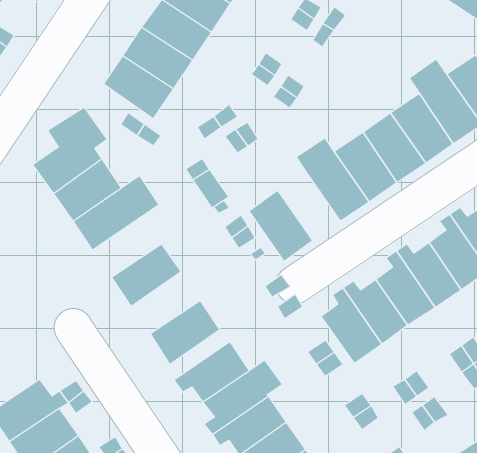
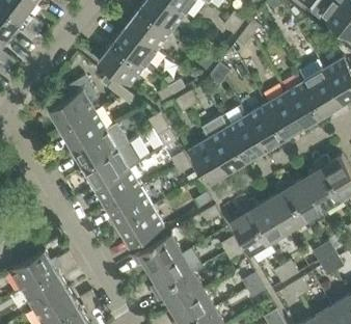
building: none -> [201,116,247,172]
building: none -> [84,142,140,188]
building: none -> [107,187,153,226]

